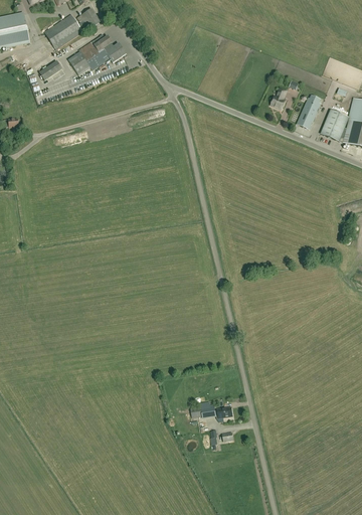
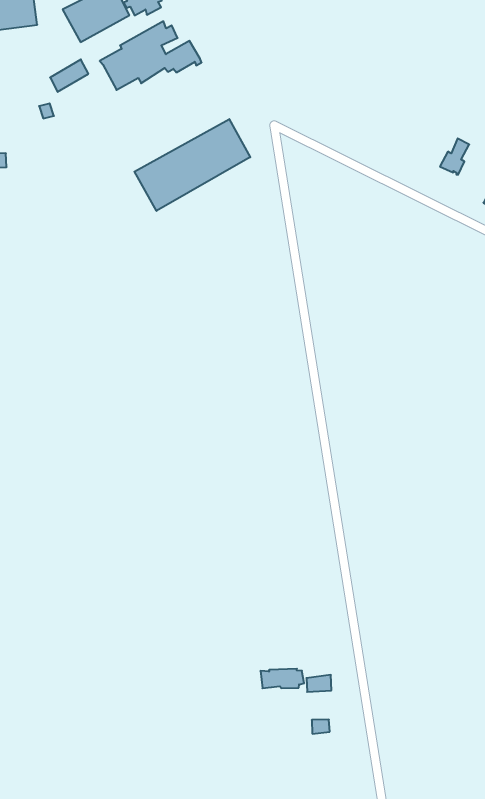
building: none -> [134,119,250,211]

